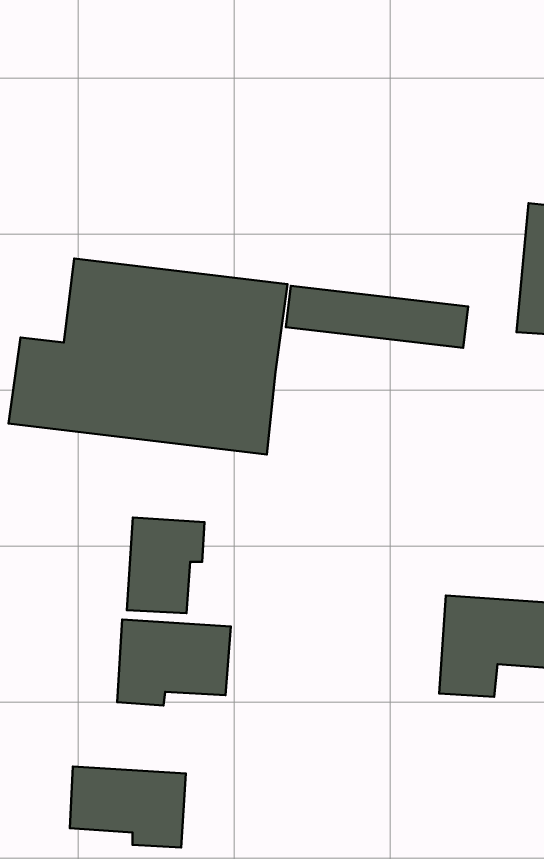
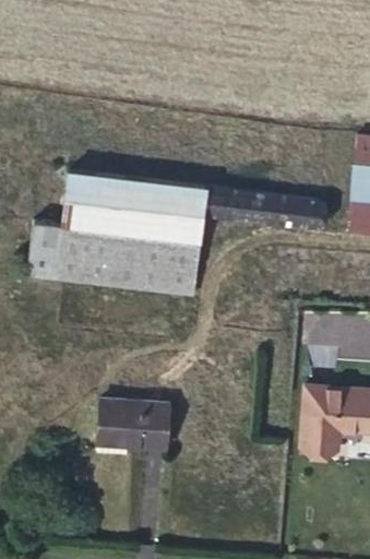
building: [127,517,204,613] -> none
building: [70,766,186,848] -> none

